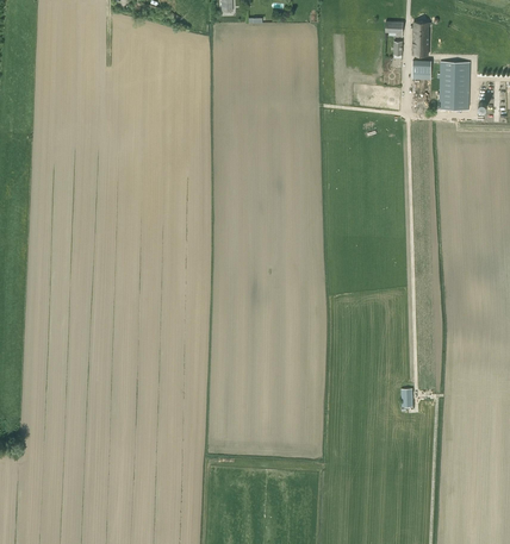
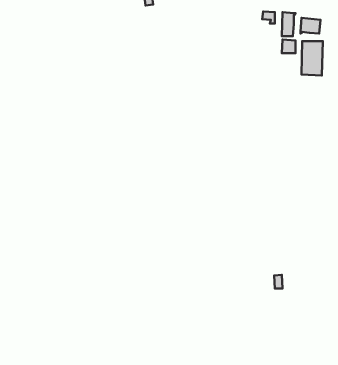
building: none -> [300,18,321,34]

